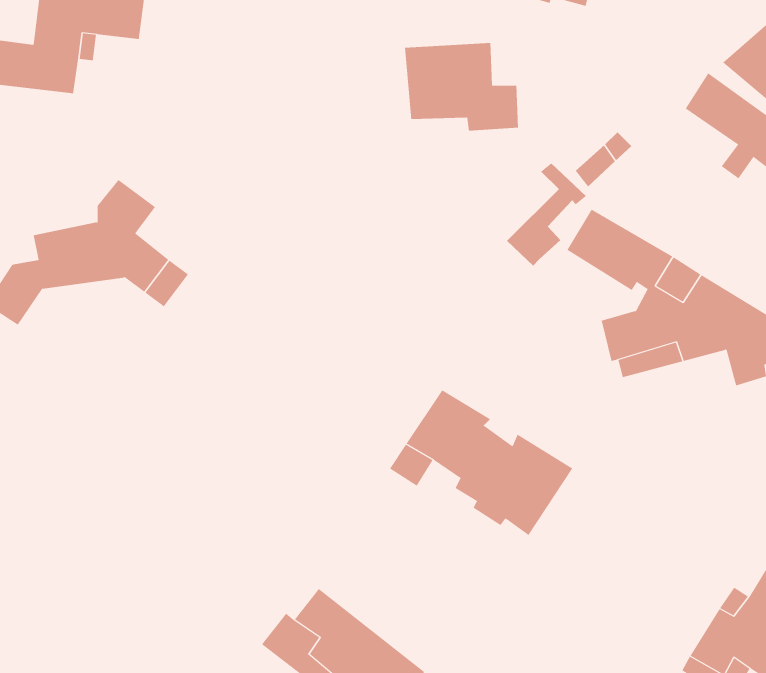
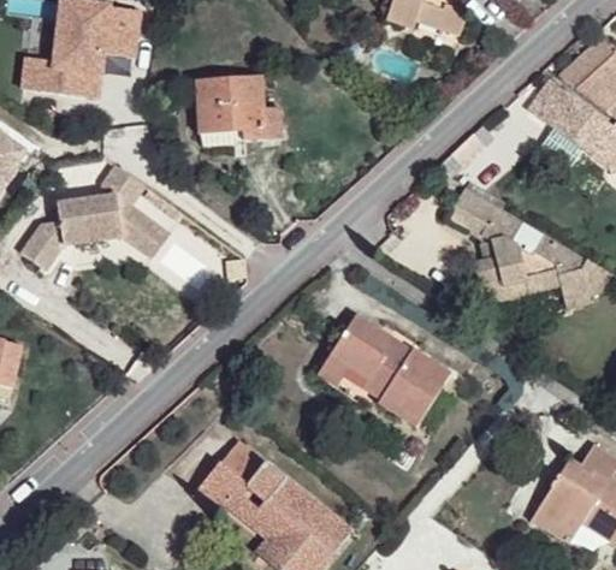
building: [404,42,519,131] -> [196,76,280,141]
building: [506,163,587,266] -> none
building: none -> [195,462,241,511]

